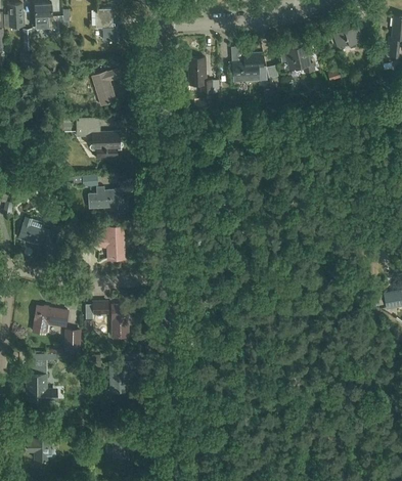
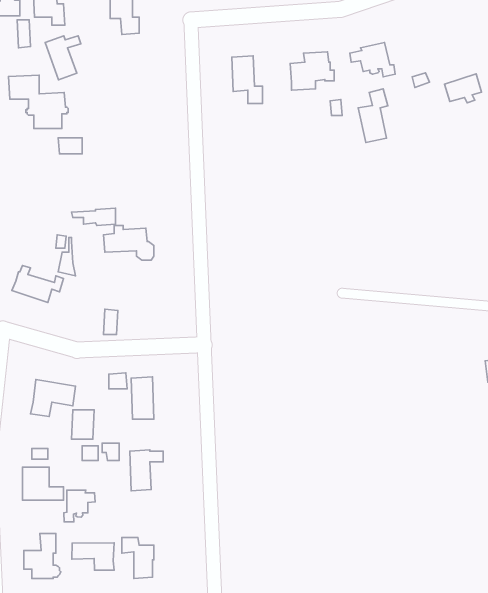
building: [333,27,362,49] -> [444,74,482,103]
building: [91,72,119,105] -> [45,36,81,80]
building: none -> [358,89,388,142]
building: [77,119,123,160] -> [9,75,68,128]
building: [92,228,125,260] -> none
building: none -> [64,490,95,522]
building: none -> [72,543,114,570]

